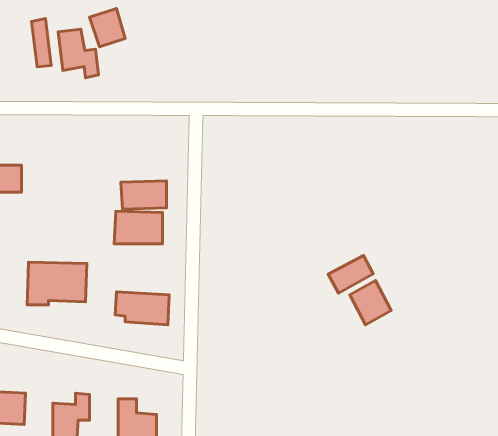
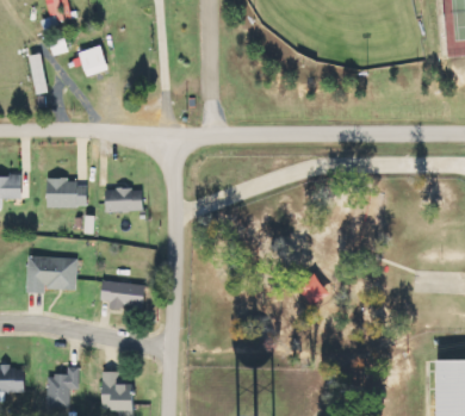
building: [58,29,99,78] -> none
building: [114,211,163,244] -> [46,180,87,207]
building: [328,256,373,293] -> none

